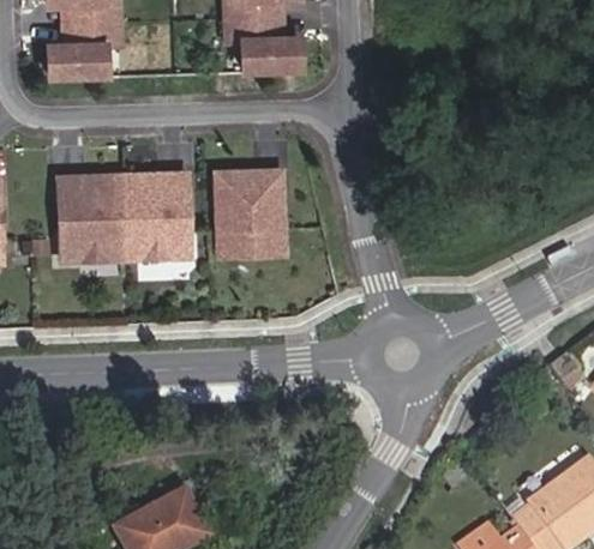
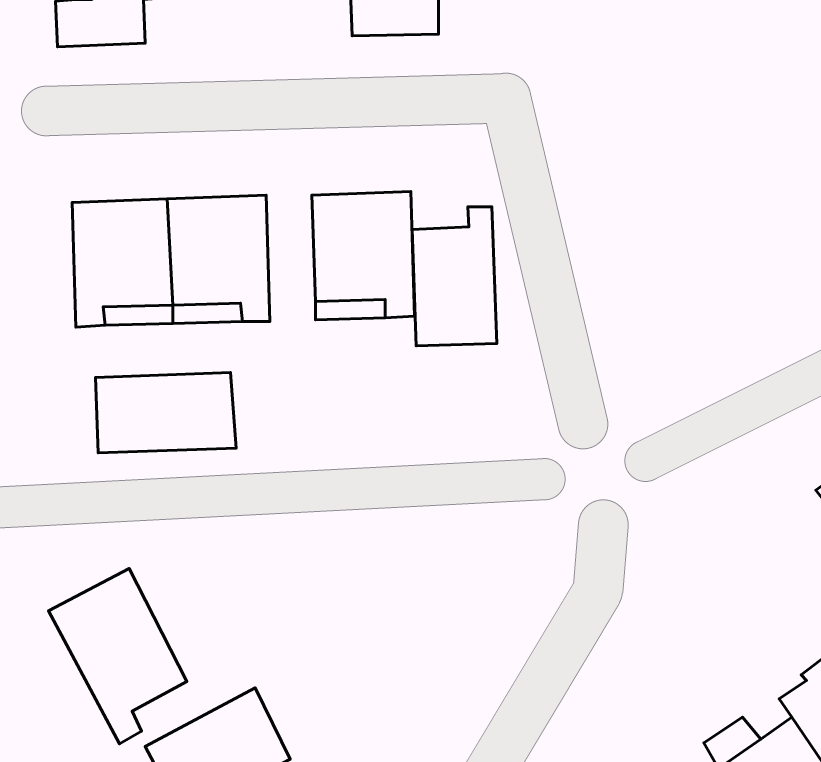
building: none -> [412,207,497,346]
building: none -> [95,372,236,453]
building: none -> [48,568,187,744]

